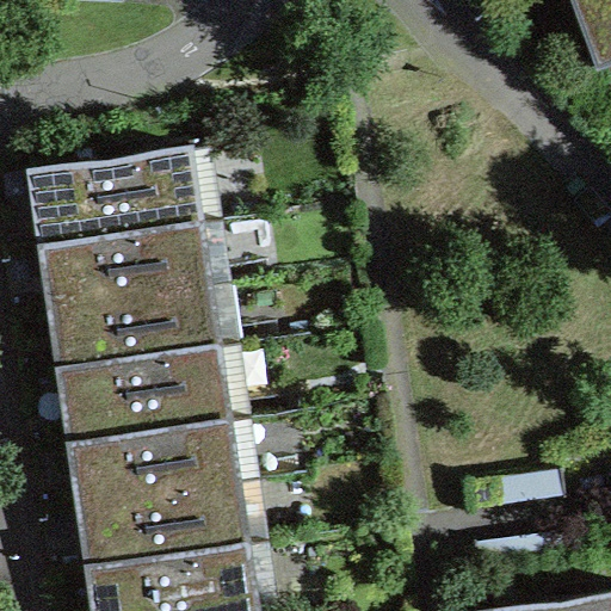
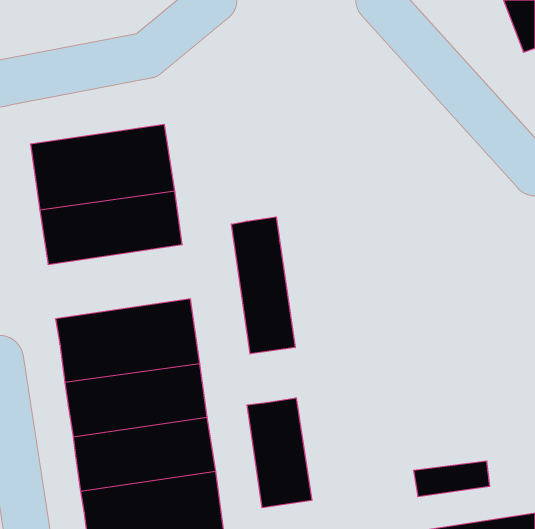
building: none -> [231,217,295,354]
building: [55,285,217,370] -> none
building: none -> [247,398,312,508]

